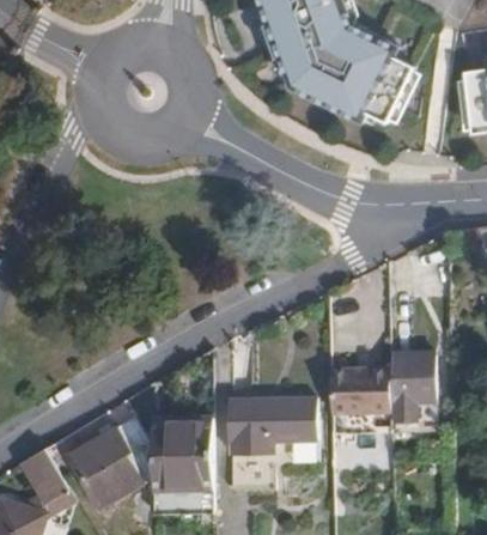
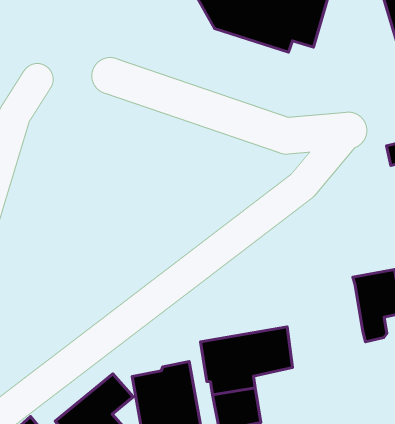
building: [331,366,391,415] -> none

